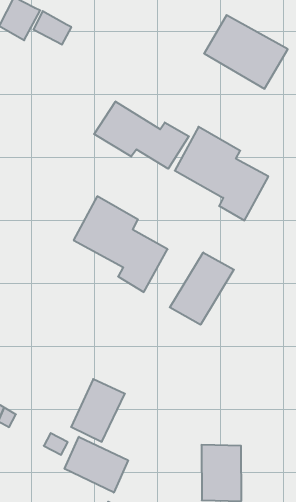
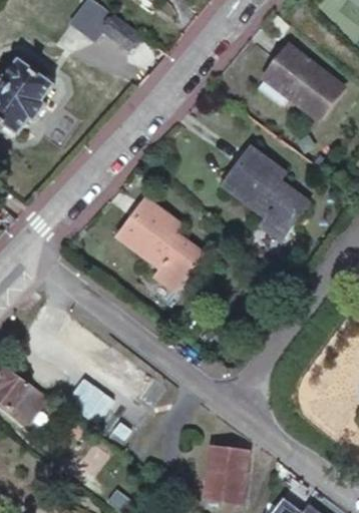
building: [94,101,189,169] -> none
building: [170,252,234,325] -> none
building: [65,437,128,493] -> none

